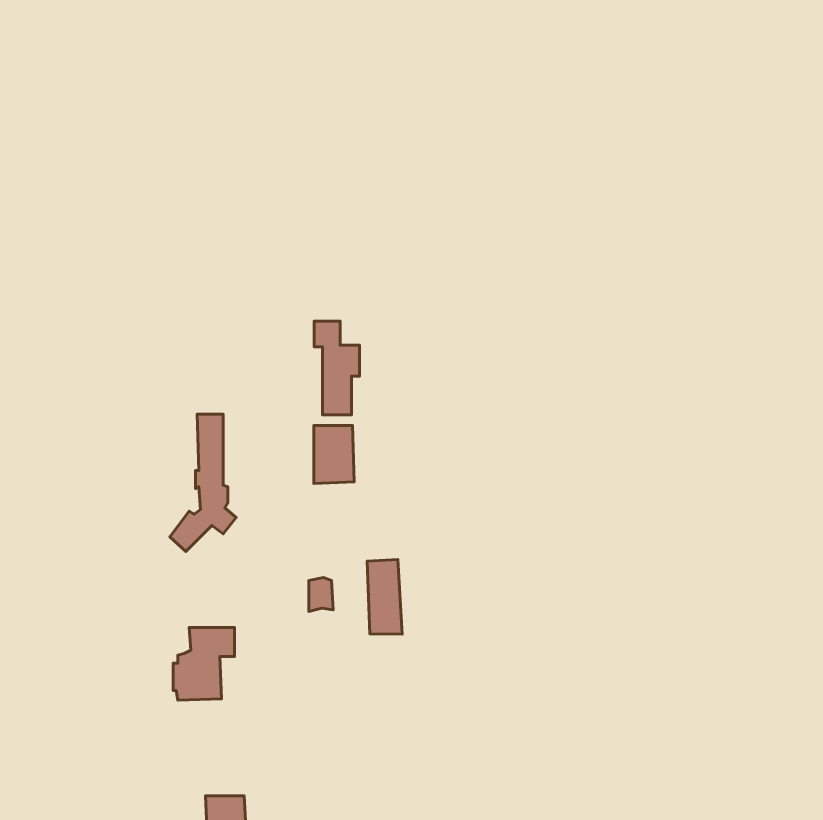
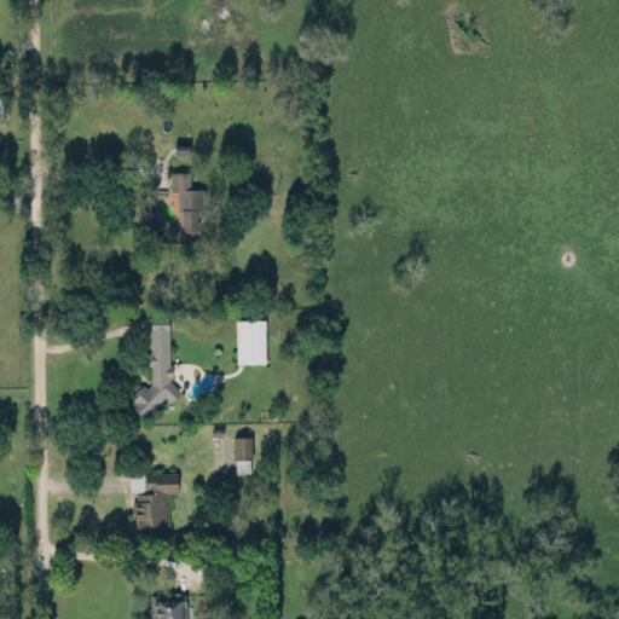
building: [314,321,360,415] -> [172,174,206,244]
building: [367,559,402,634] -> none

